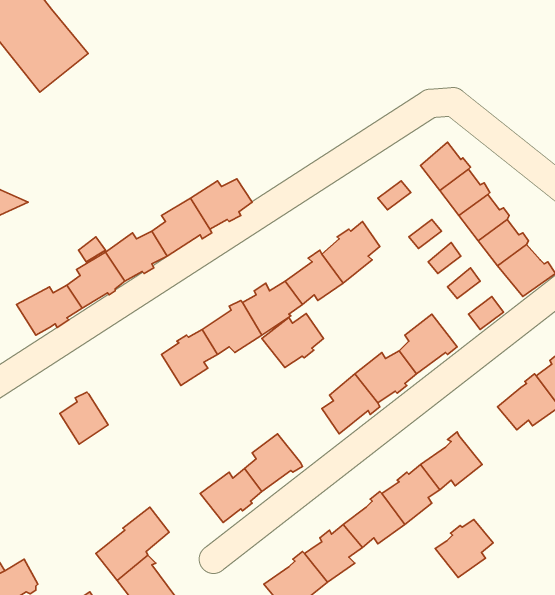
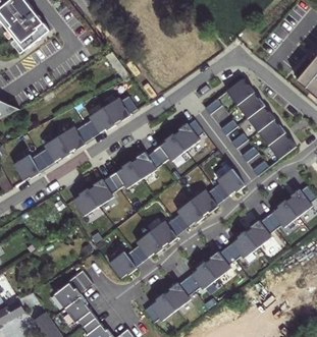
building: [262,314,323,368] -> [150,218,182,246]
building: [60,392,108,444] -> [73,188,99,216]
building: [435,520,493,578] -> [246,217,276,247]

